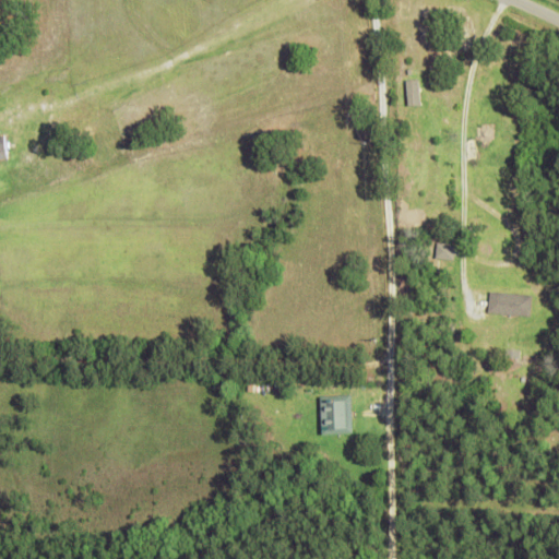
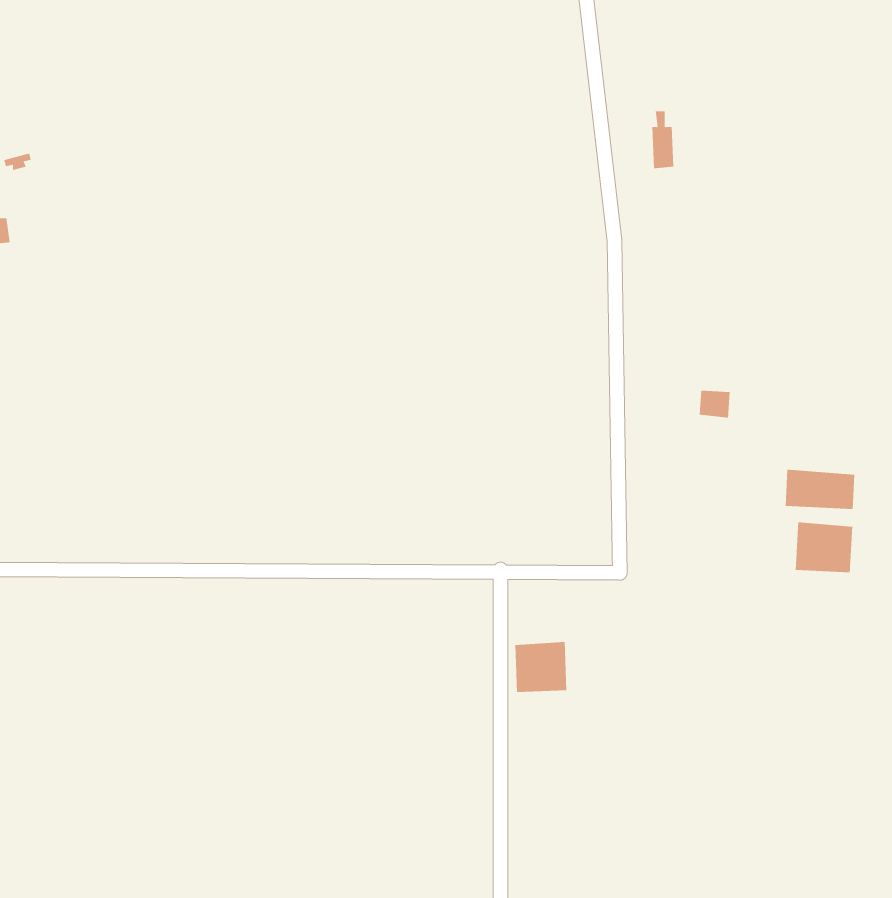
building: none -> [795,522,853,573]

